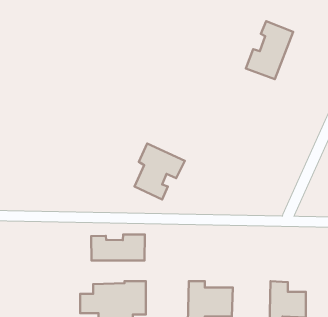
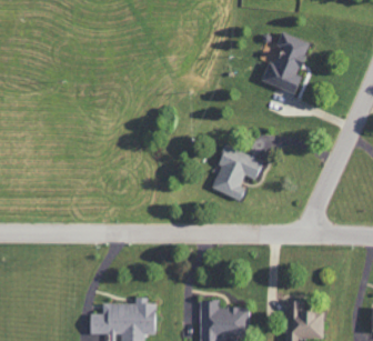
building: [134,144,185,200] -> [212,144,264,202]
building: [91,235,145,261] -> none

